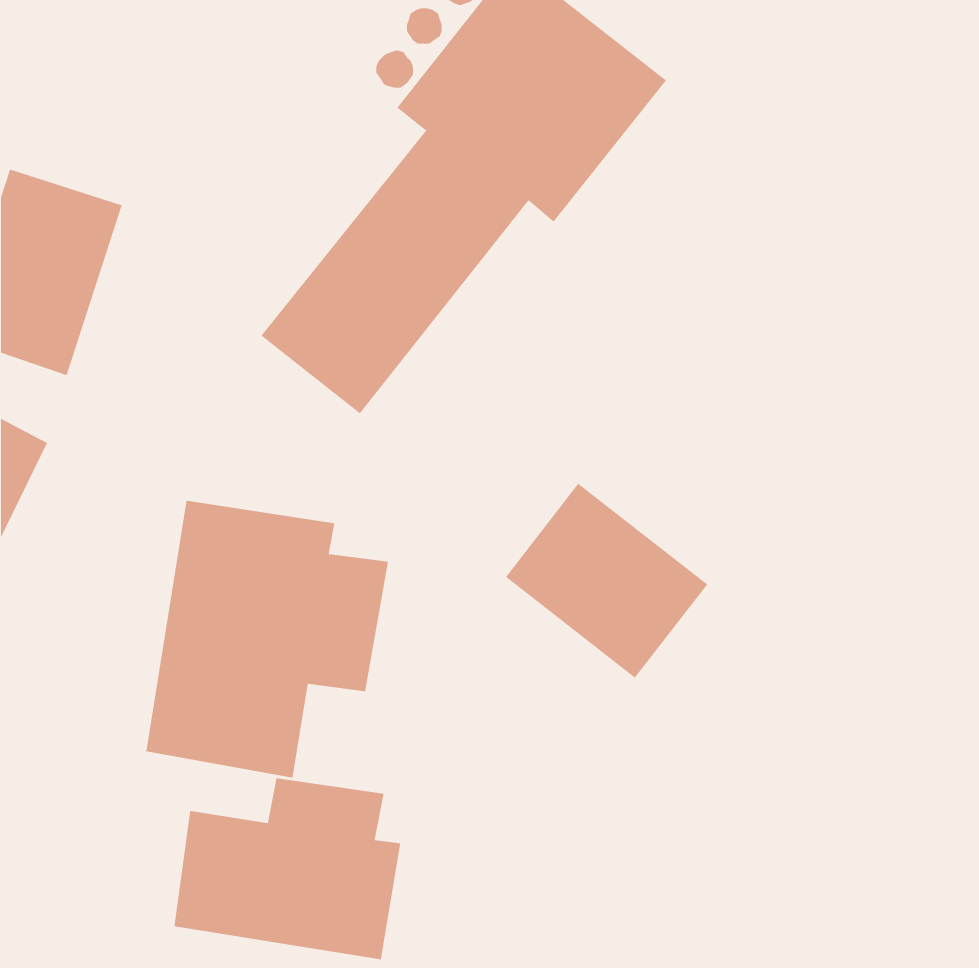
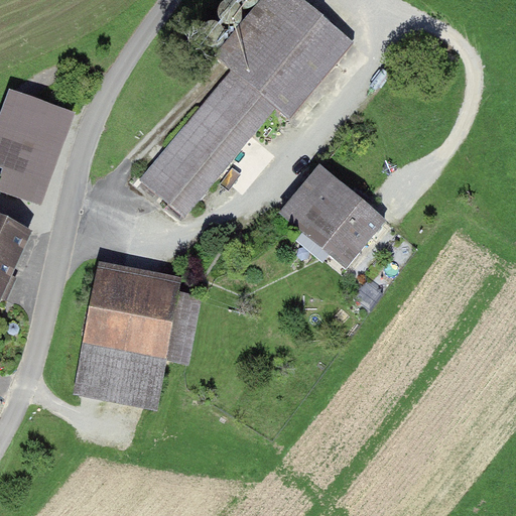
building: [505,483,708,678] -> [278,163,385,266]
building: [174,778,401,960] -> none

